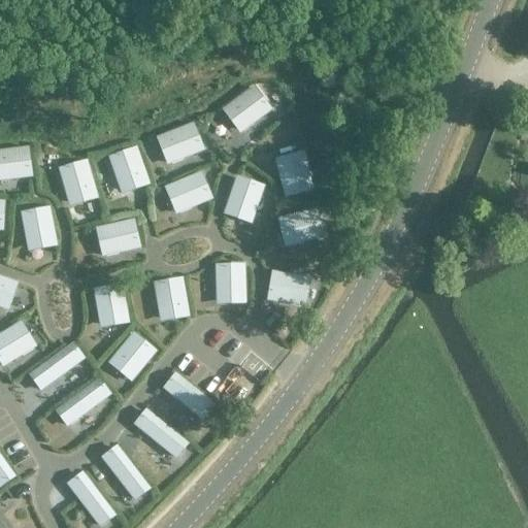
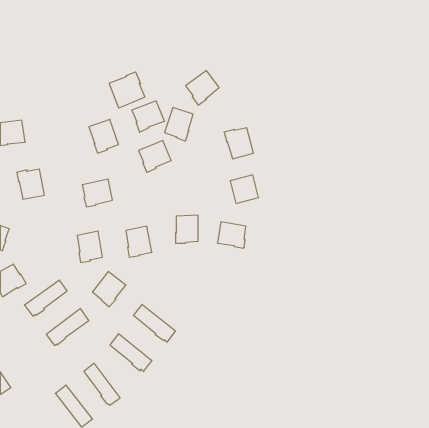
building: none -> [109,72,145,108]
building: [60,160,95,200] -> none
building: [227,176,262,218] -> [165,107,193,141]

